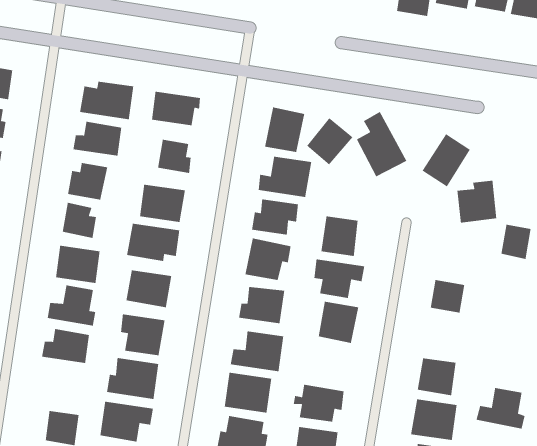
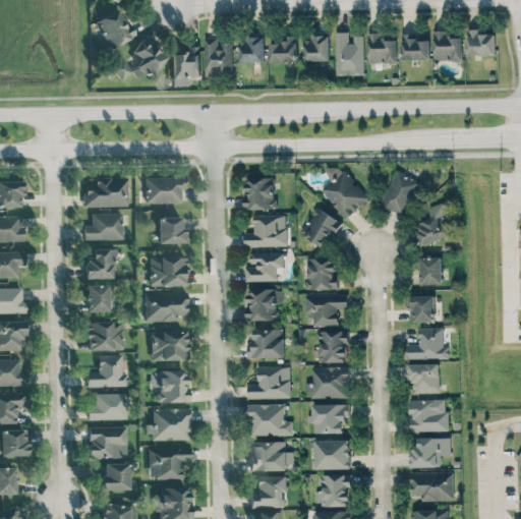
building: [306,117,353,165] -> [302,208,341,248]
building: [501,224,532,260] -> [420,257,443,285]
building: none -> [308,366,350,398]
building: none -> [88,426,126,459]
building: [476,387,526,429] -> [408,328,450,359]

